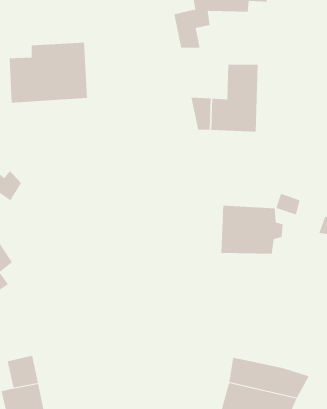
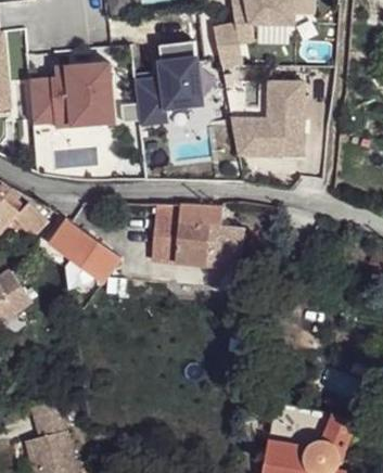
building: none -> [138,42,201,122]
building: none -> [51,219,119,289]
building: [221,205,284,254] -> [153,208,221,261]

